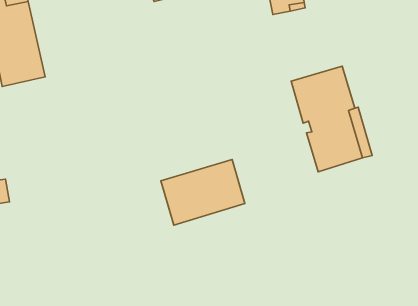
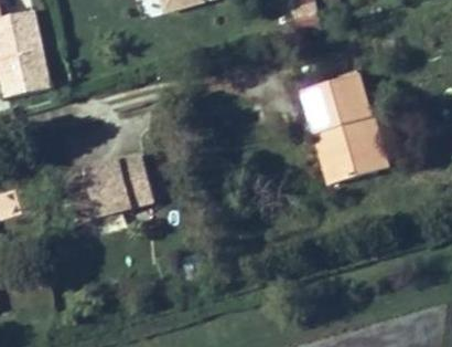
building: [161,159,245,225] -> [66,153,152,220]

